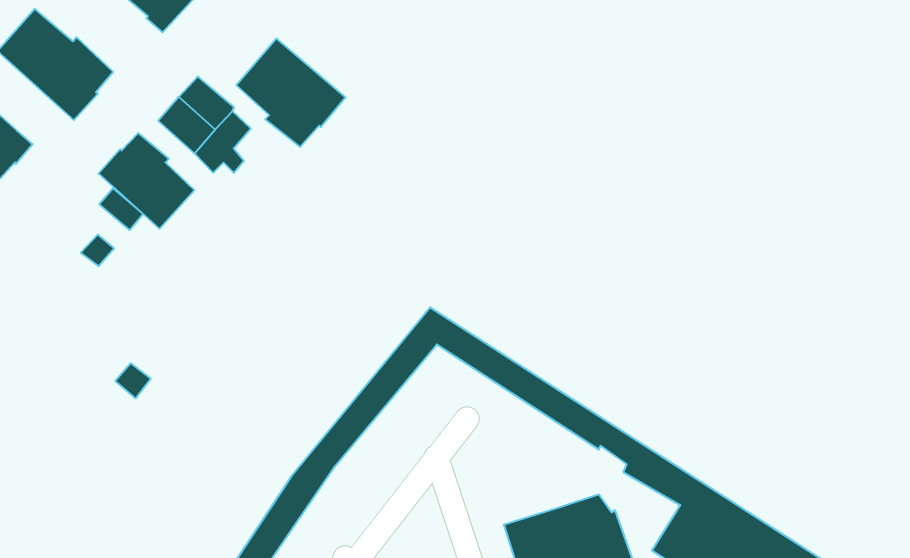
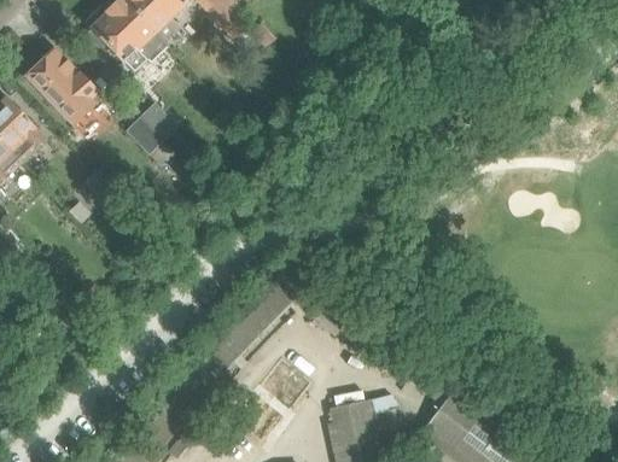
building: [236,38,346,147] -> none
building: [98,133,194,229] -> none

